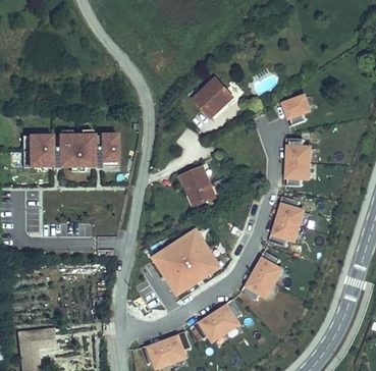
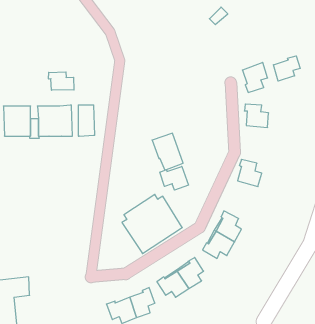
building: [197,77,237,119] -> none
building: none -> [273,56,300,81]
building: none -> [49,72,74,90]
building: [281,160,307,186] -> none
building: none -> [160,166,188,190]
building: [266,218,297,246] -> none

